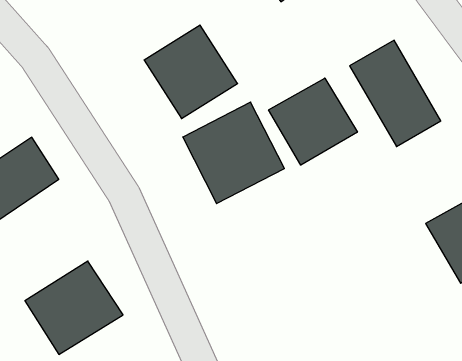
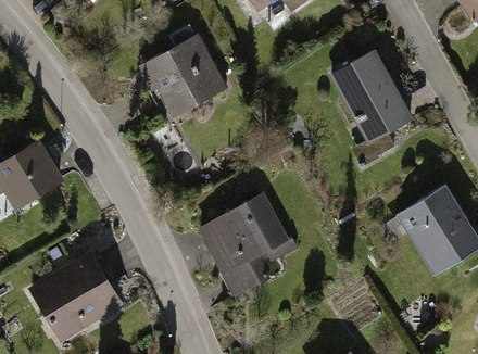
building: [269,78,357,165] -> none
building: [183,102,284,204] -> [201,198,295,292]

